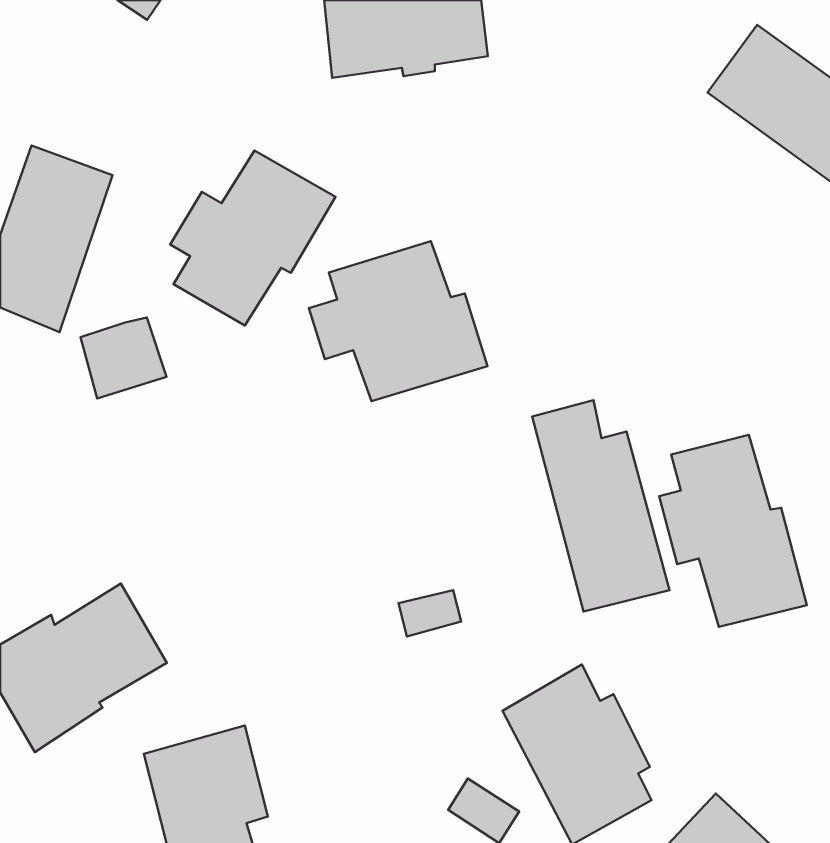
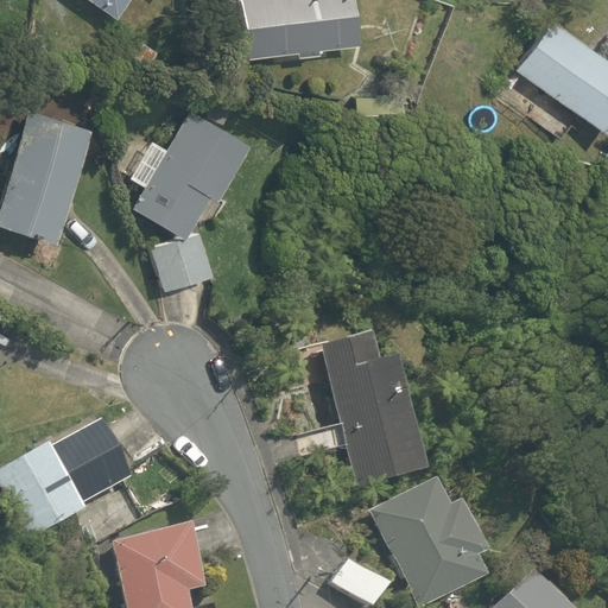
building: [309,241,487,401] -> none
building: [81,317,167,398] -> [154,232,216,290]
building: [532,400,669,612] -> [322,334,420,486]
building: [659,435,807,627] -> none

